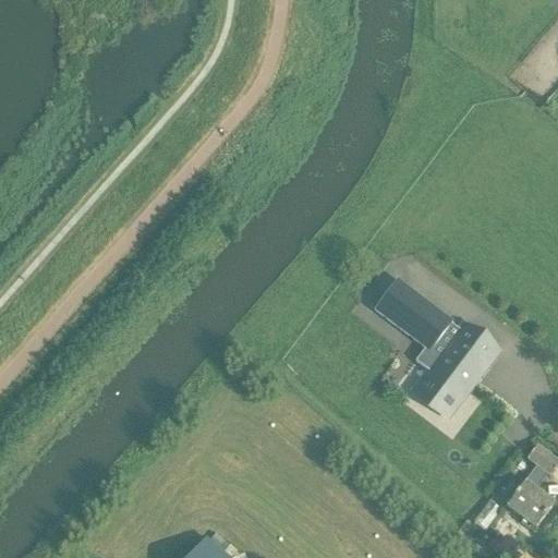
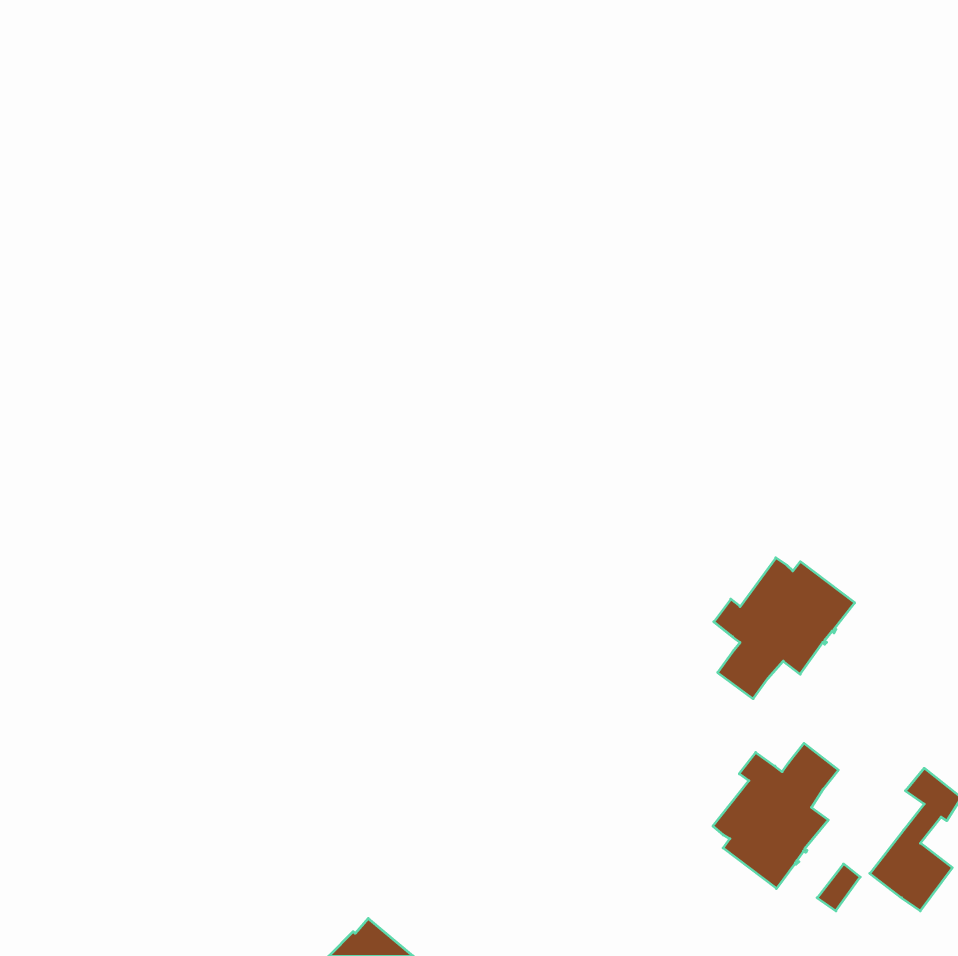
building: [375,280,452,352] -> none
building: none -> [713,743,838,889]

